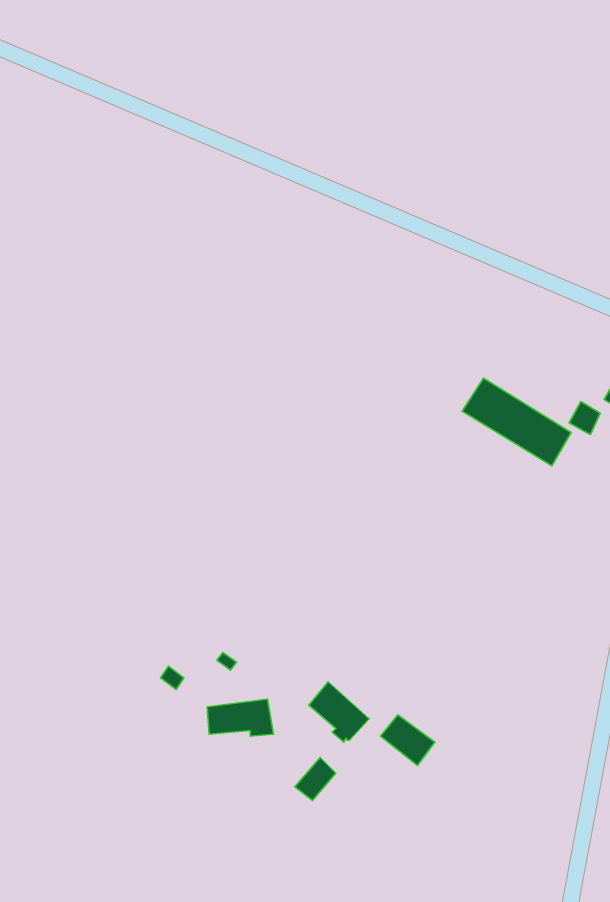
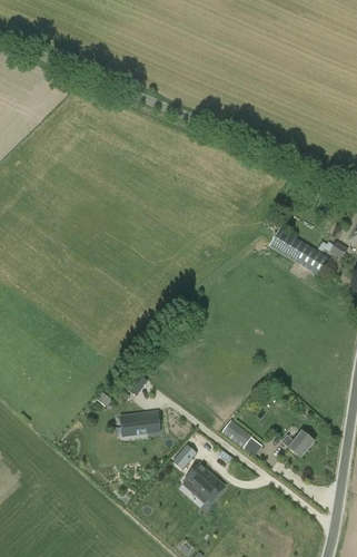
building: [309,682,369,742] -> [187,463,221,498]
building: none -> [280,430,314,457]

